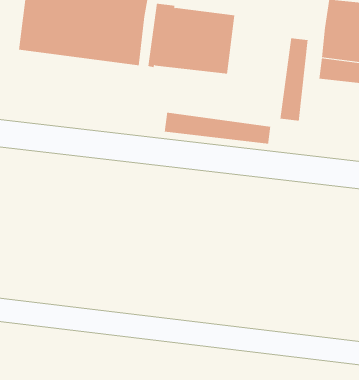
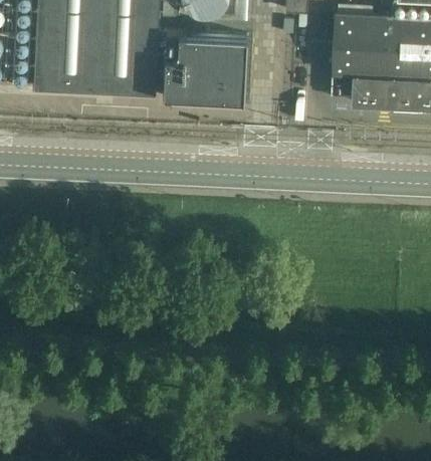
building: [280,38,308,121] -> none
building: [164,112,271,145] -> none

